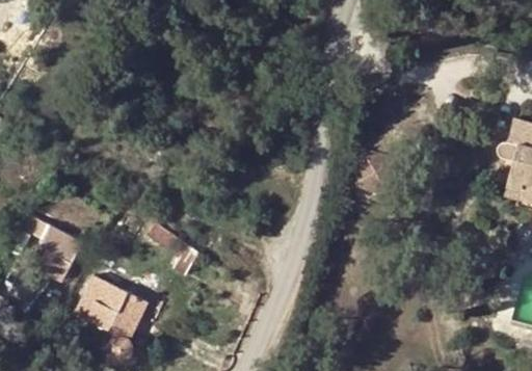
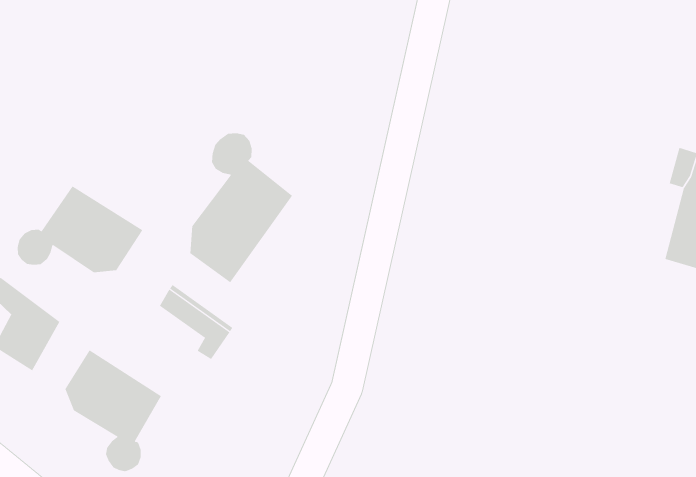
building: none -> [190,132,293,283]
building: none -> [17,185,143,273]

